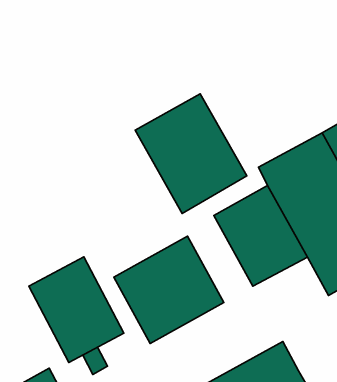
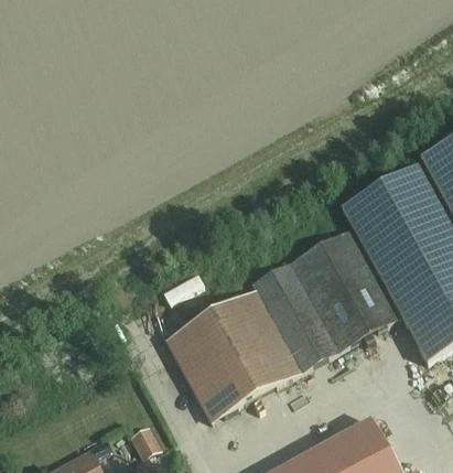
building: [135,94,247,214] -> none
building: none -> [251,264,335,369]
building: [29,257,124,362] -> none

